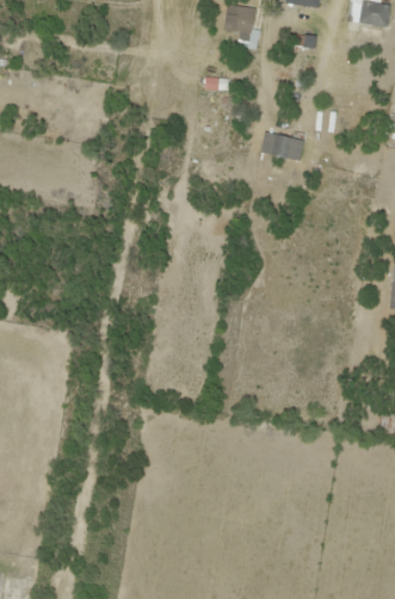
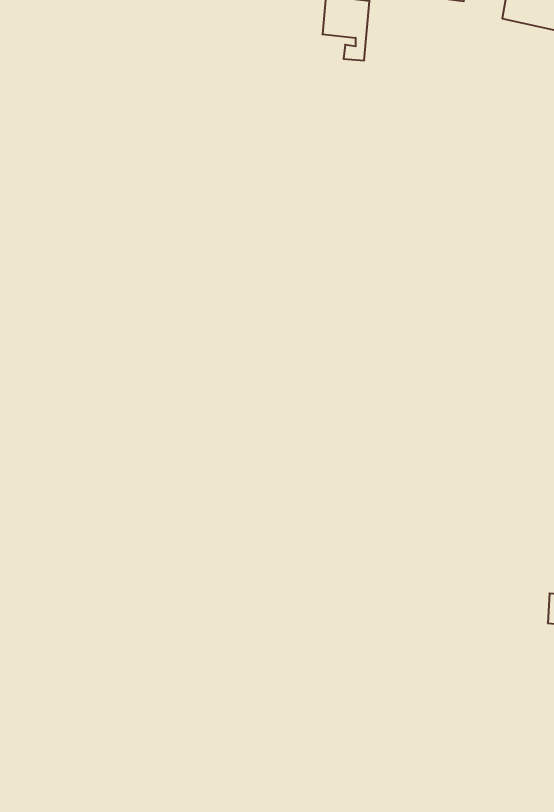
building: [261,132,304,160] -> none

